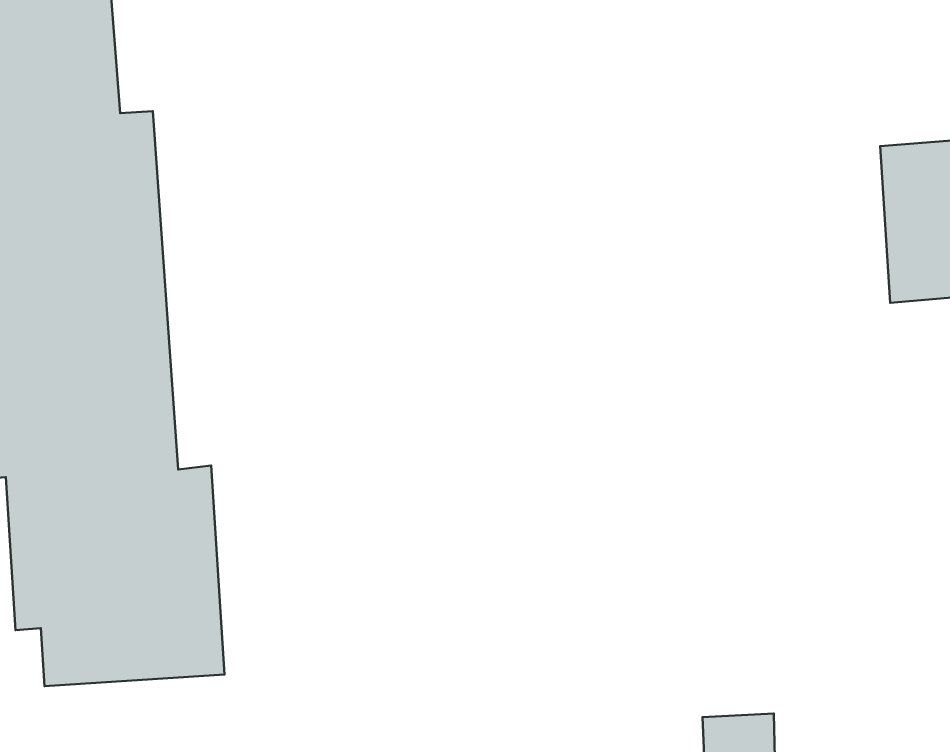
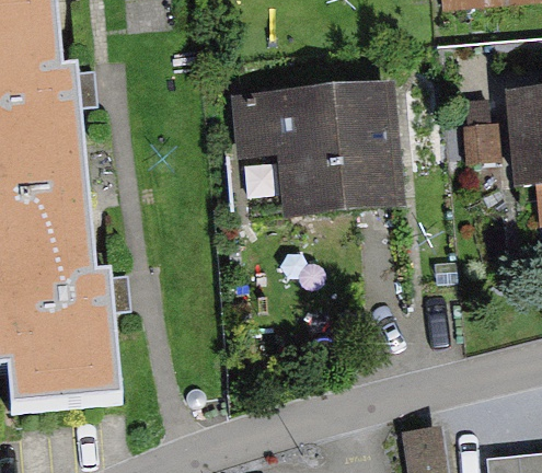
building: none -> [227,85,400,214]

